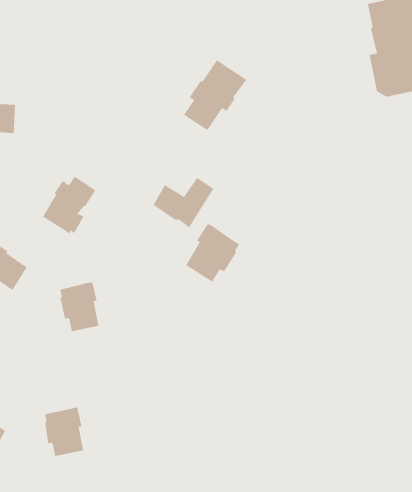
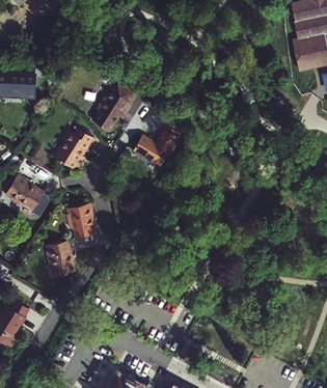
building: [183,59,247,131] -> [92,82,138,133]
building: [185,224,240,282] -> none
building: [44,407,84,456] -> [47,241,75,276]

